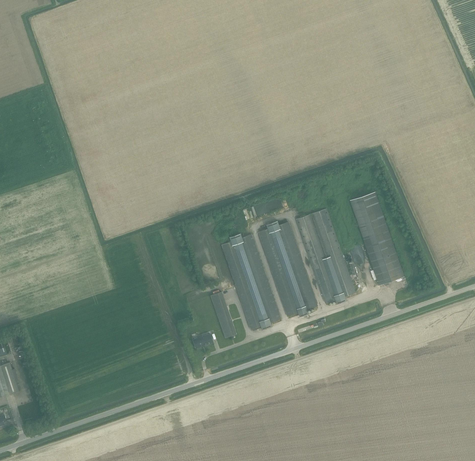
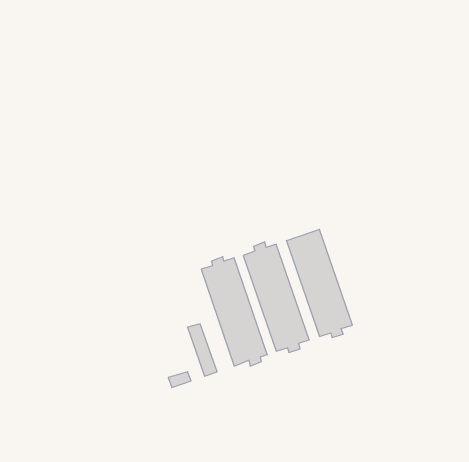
building: [349,190,403,285] -> none

